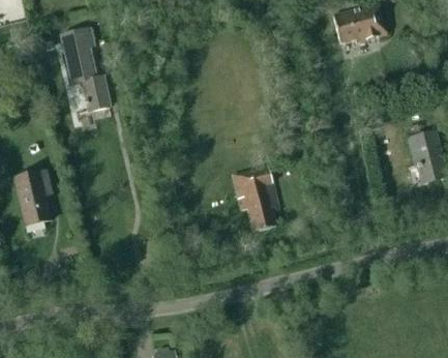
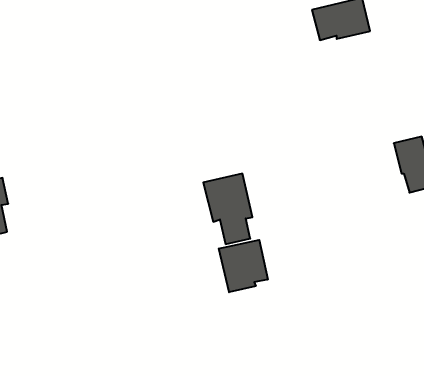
building: [60,28,110,112] -> none
building: none -> [219,240,268,292]

